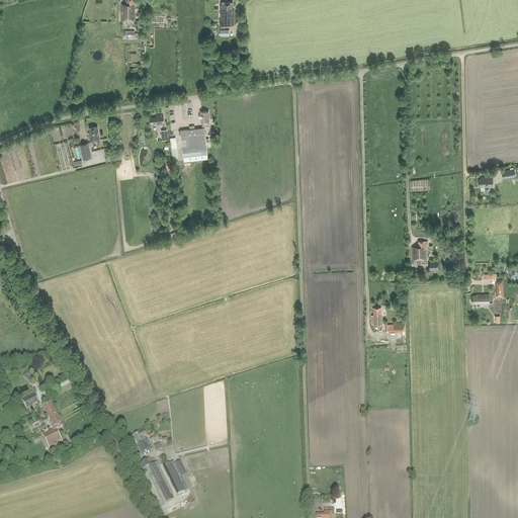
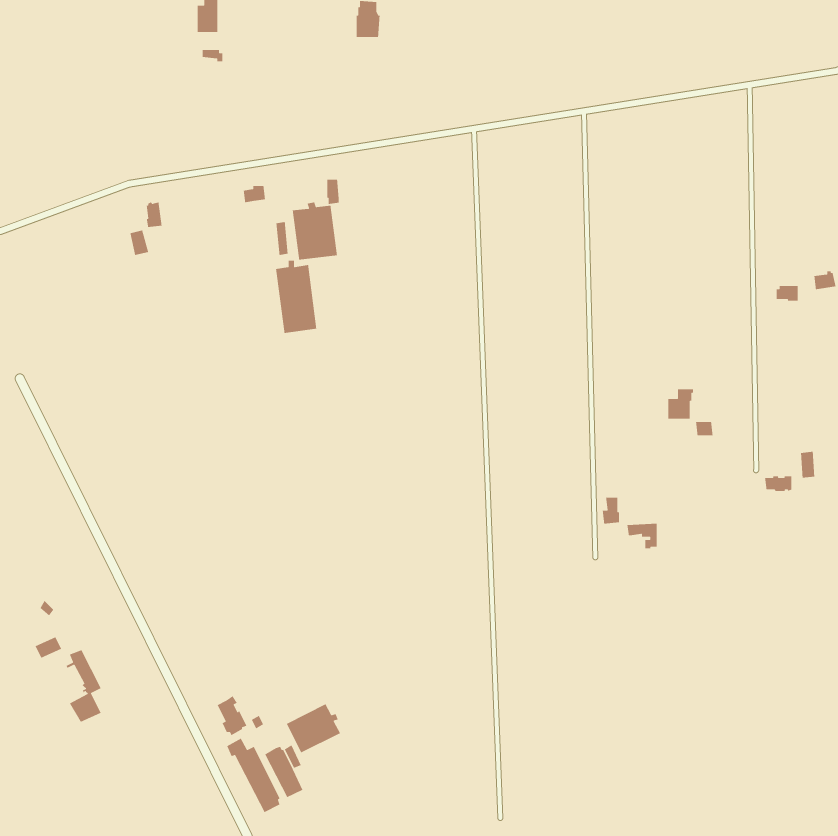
building: none -> [275,260,317,334]
building: none -> [286,703,341,753]

